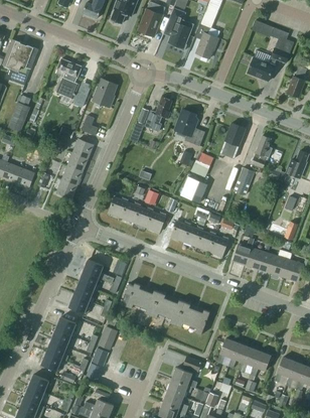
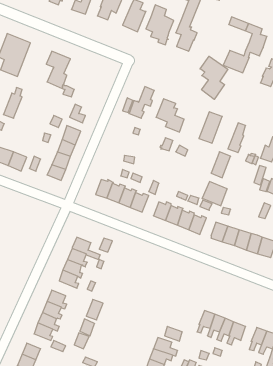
building: none -> [200,56,228,99]
building: [93,79,117,107] -> none
building: [180,176,207,202] -> [202,182,227,206]
building: [120,283,210,334] -> none

